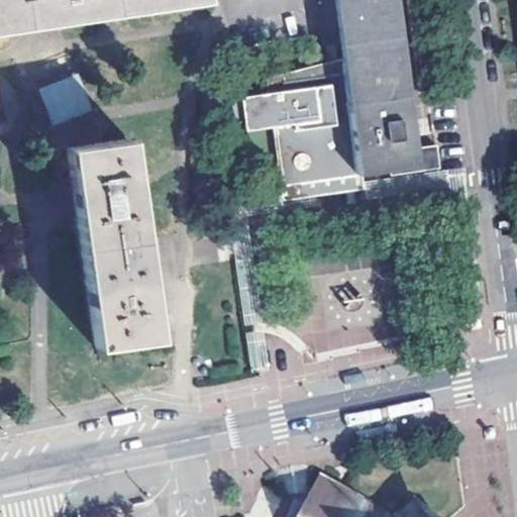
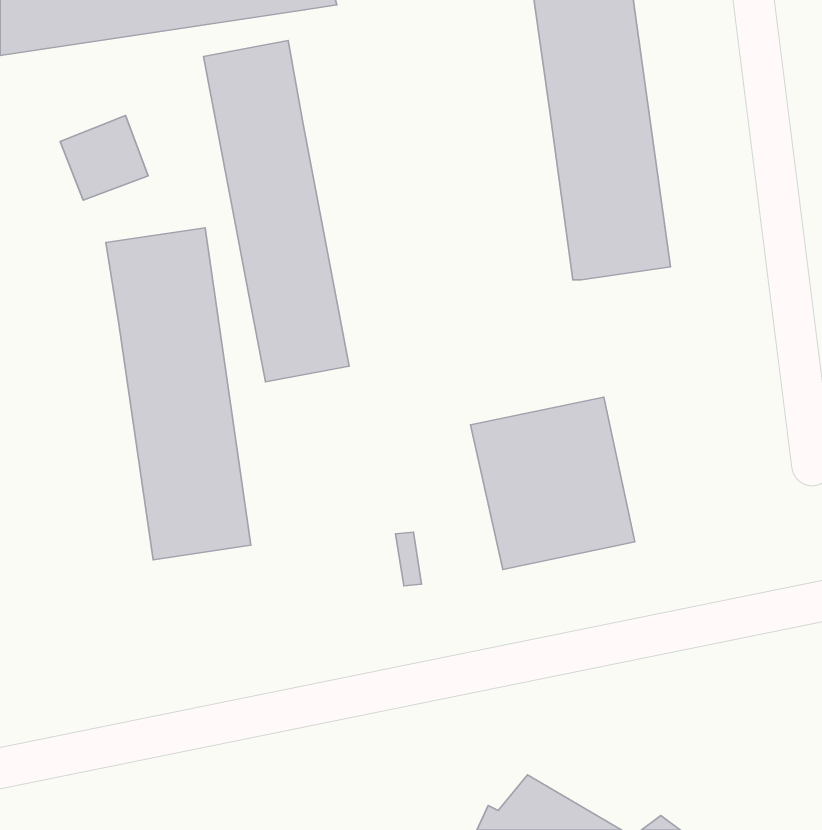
building: none -> [203,40,349,382]
building: [245,71,370,200] -> none

